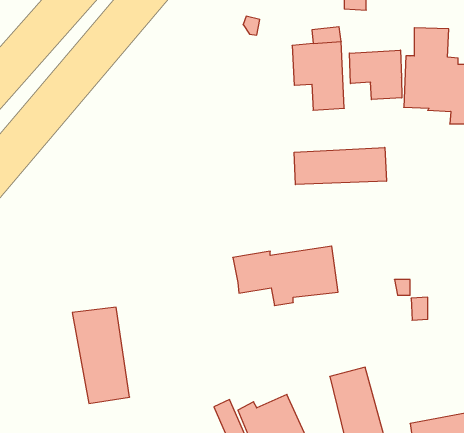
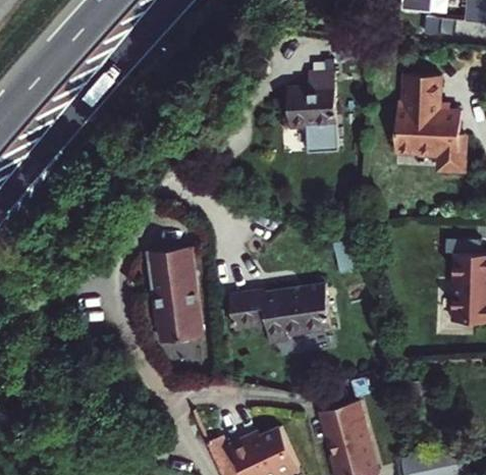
building: [349,50,402,100] -> none
building: [294,147,386,185] -> none
building: [72,307,130,403] -> [145,249,201,342]

